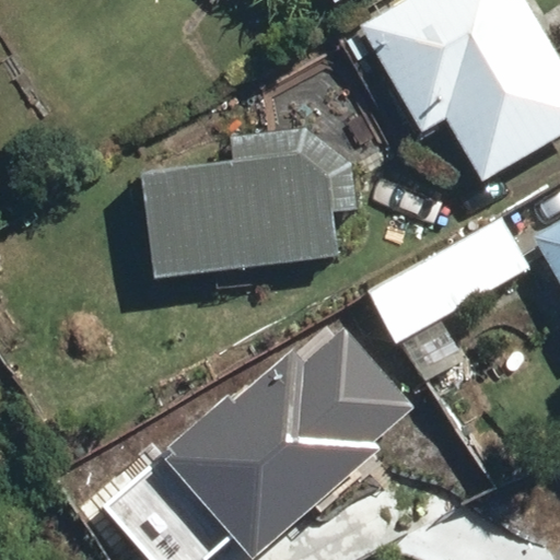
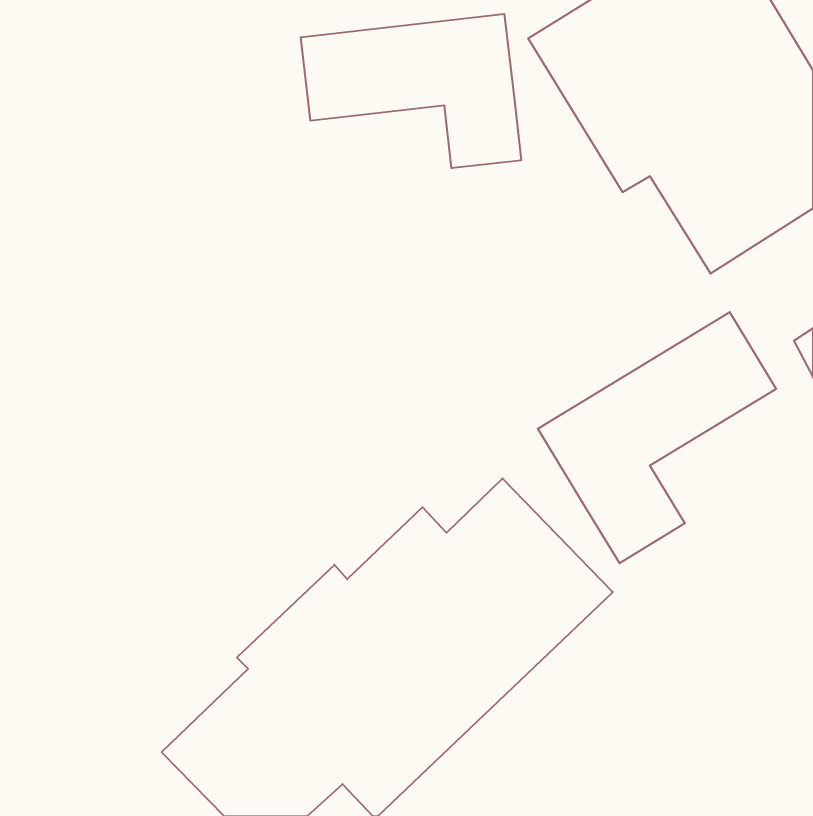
building: none -> [301,14,521,168]
building: [142,128,357,277] -> none

